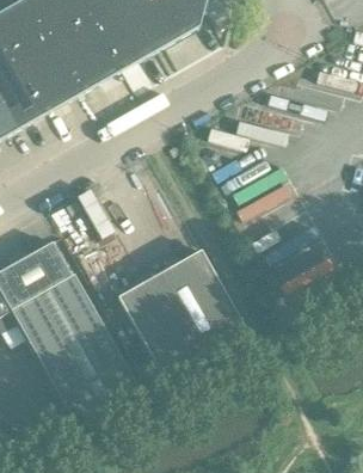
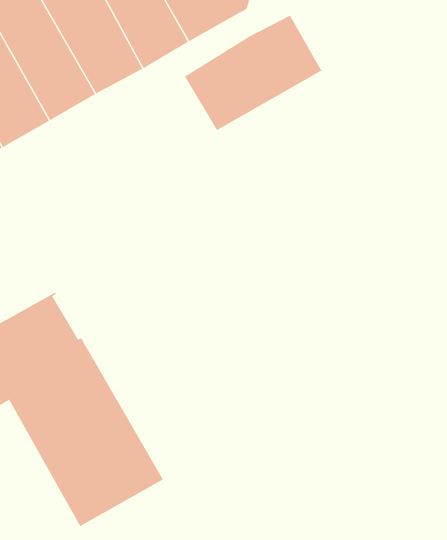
building: none -> [184,15,322,131]
building: [117,247,247,373] -> none

